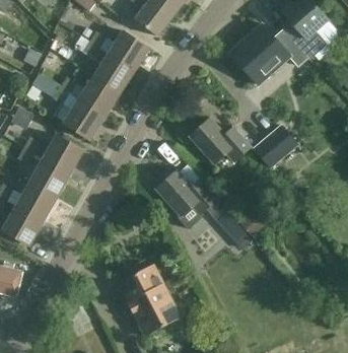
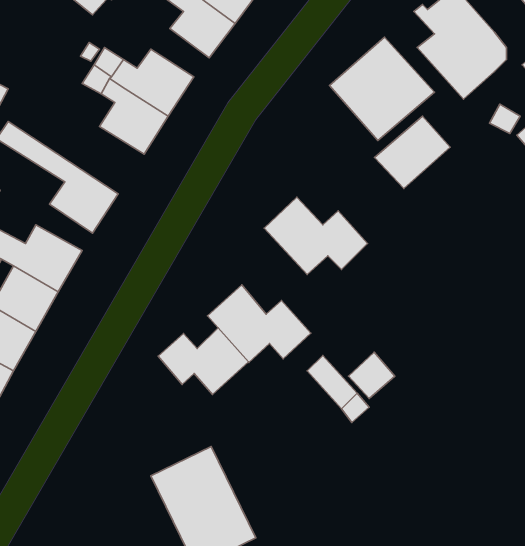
building: [39,73,119,117] -> none
building: [253,125,297,167] -> [374,116,450,188]
building: none -> [158,328,248,394]

